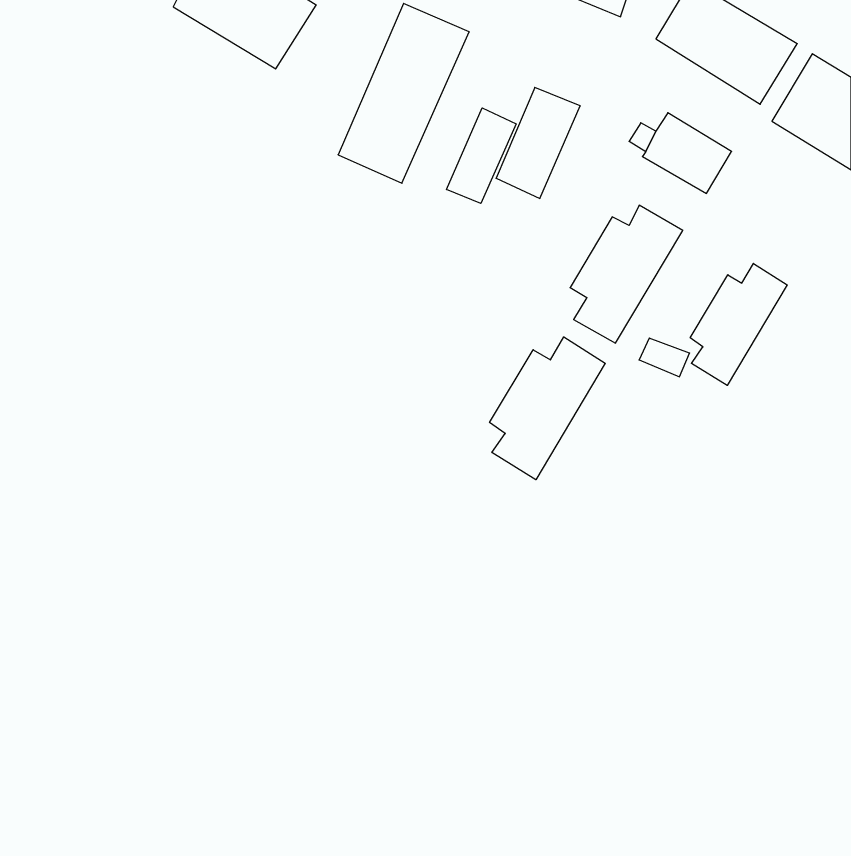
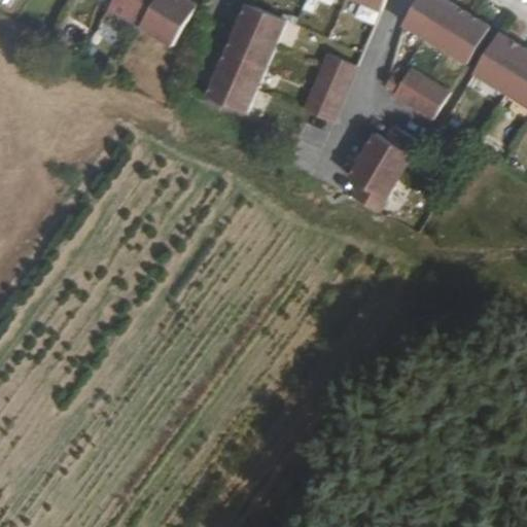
building: [447,108,516,203] -> none
building: [690,263,787,385] -> none
building: [490,337,605,480] -> none

